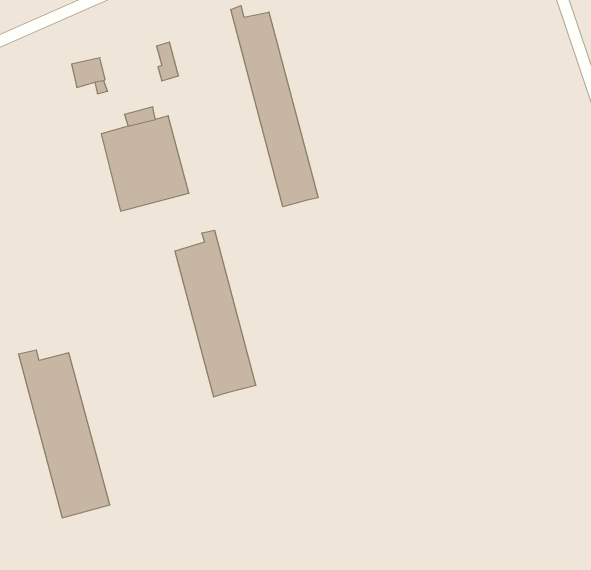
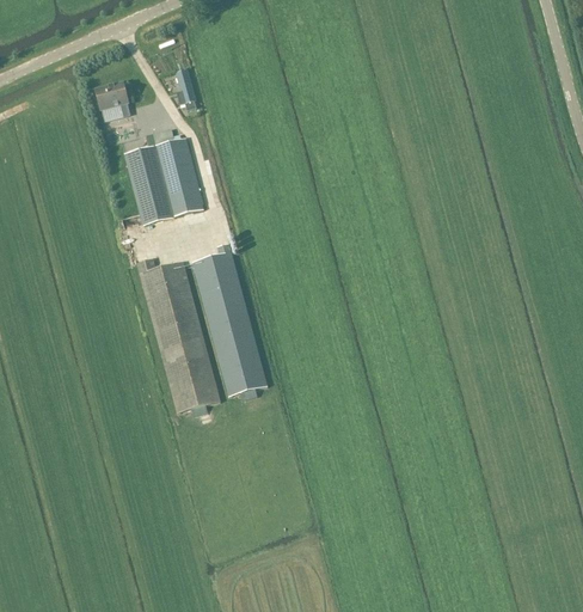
building: [231,6,318,207] -> none
building: [18,350,110,518] -> [136,259,221,415]

